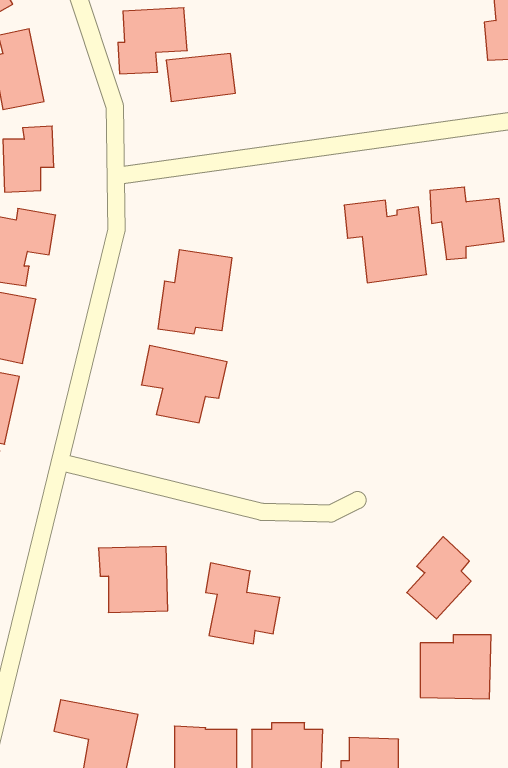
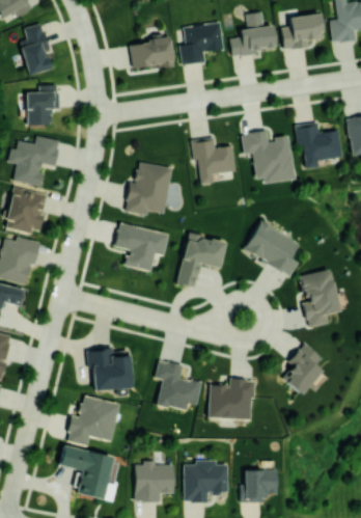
building: [118,8,187,74] -> [181,23,224,64]
building: none -> [230,12,276,56]
building: none -> [282,13,324,50]
building: none -> [191,137,237,184]
building: none -> [244,221,300,273]
building: none -> [176,233,226,287]
building: none -> [299,269,338,327]
building: none -> [66,394,119,445]
building: [420,635,491,699] -> [209,379,253,419]

